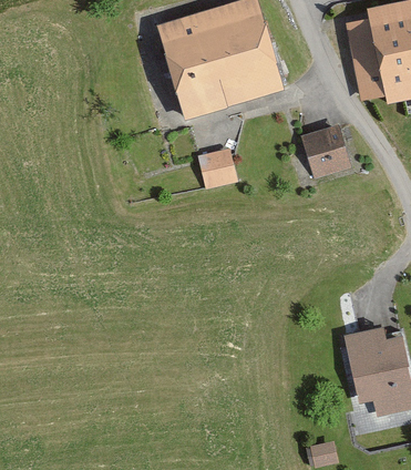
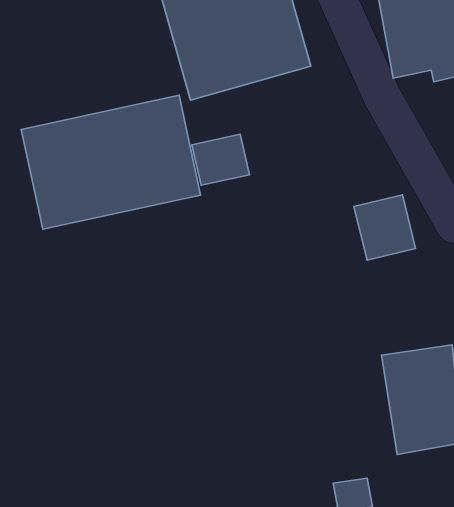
building: none -> [21,95,201,229]
building: [299,124,351,180] -> [354,195,415,260]

